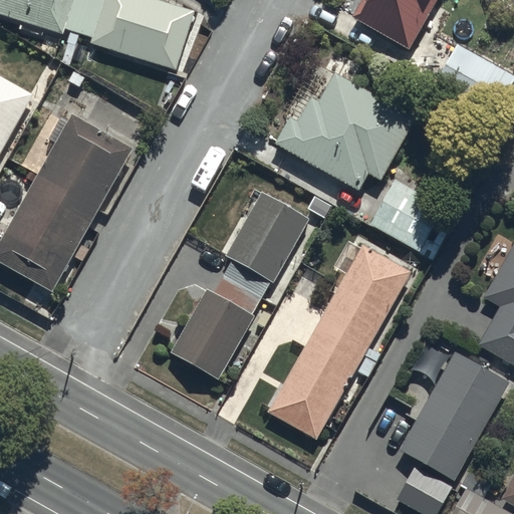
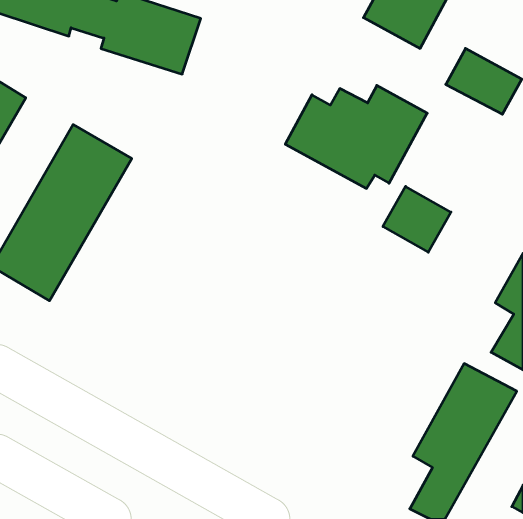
building: [178,193,310,375] -> none
building: [270,245,407,432] -> none

